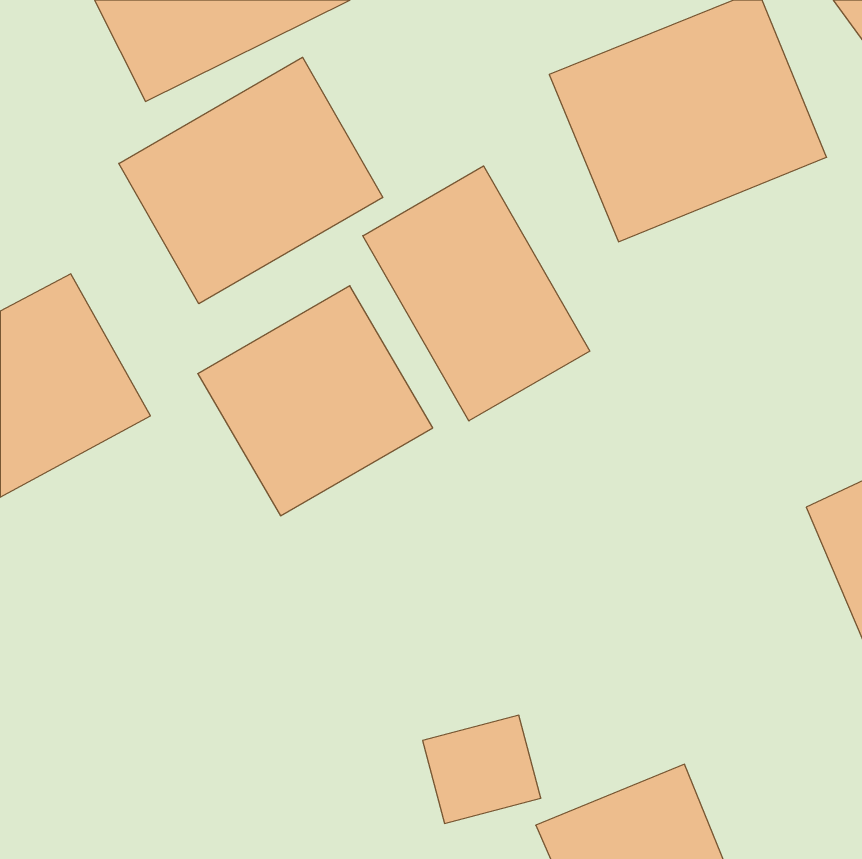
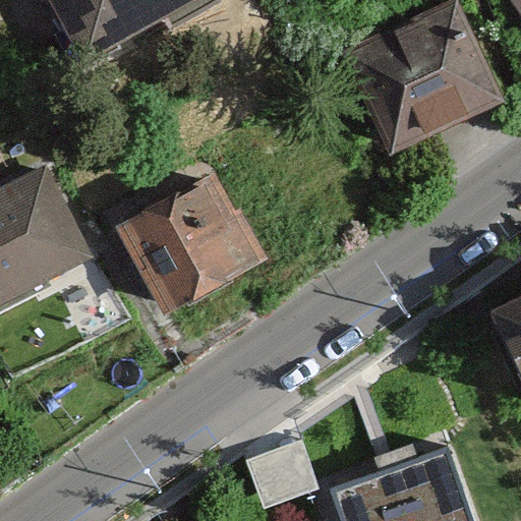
building: [119,57,383,304] -> none
building: [363,166,590,421] -> none

